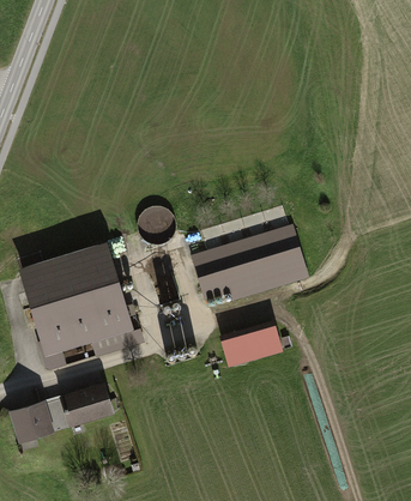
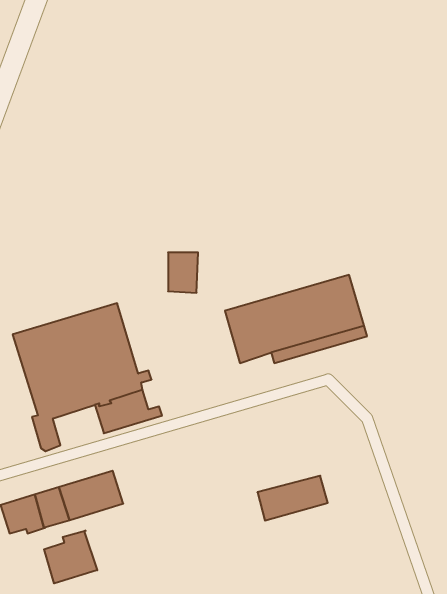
building: [222,325,278,361] -> [257,476,328,521]
building: none -> [44,531,97,583]

